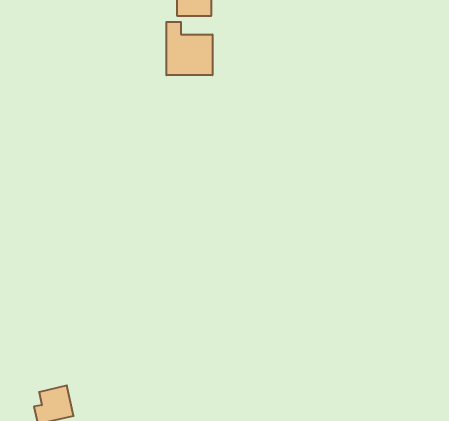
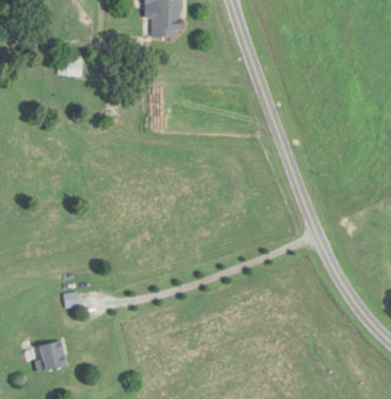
building: [166,22,212,75] -> none

